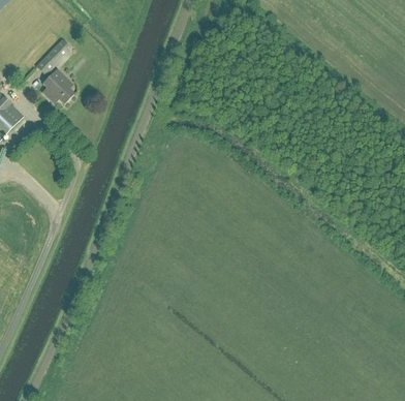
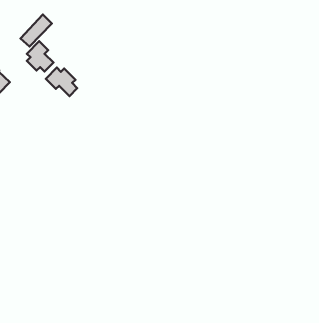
building: none -> [46,68,77,96]

